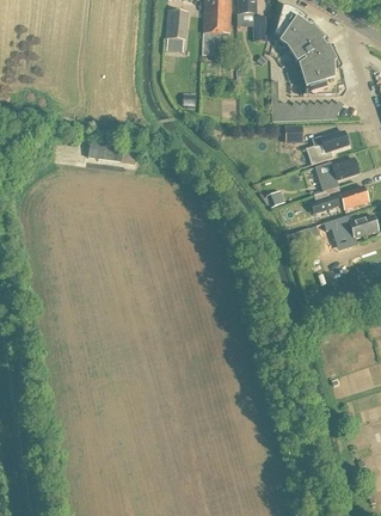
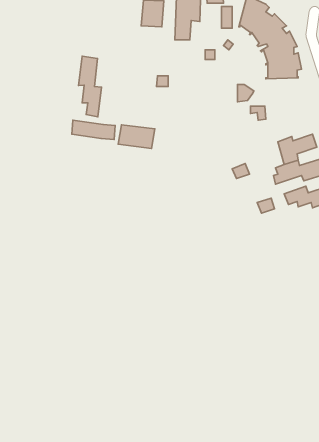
building: none -> [78,56,102,117]
building: [305,129,348,162] -> none
building: none -> [118,125,155,148]

